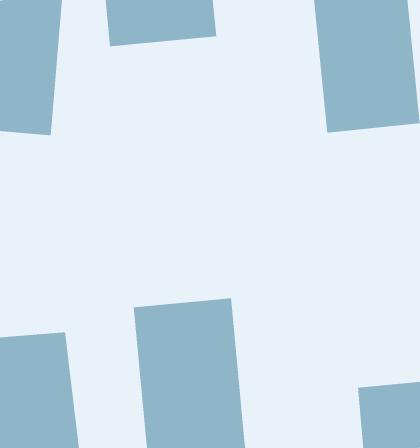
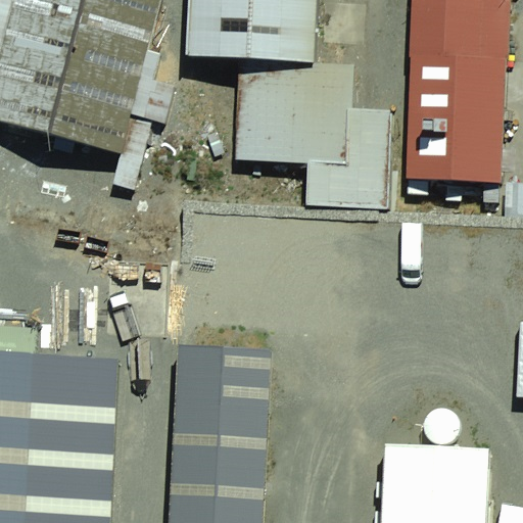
building: none -> [223,76,378,211]

